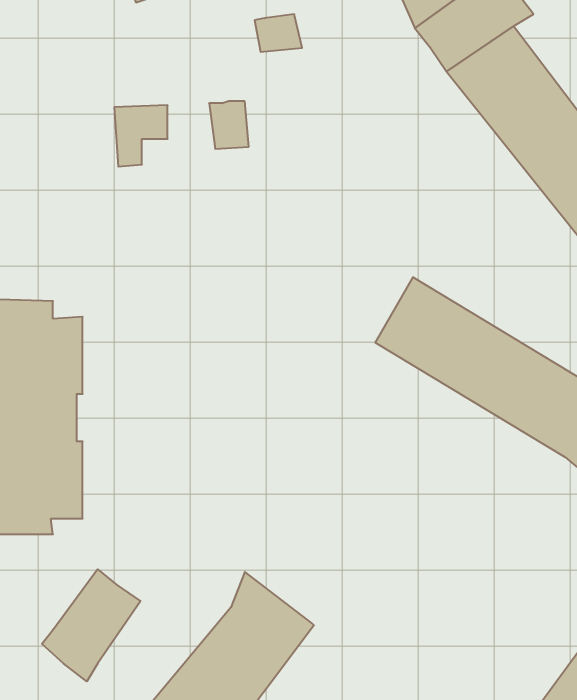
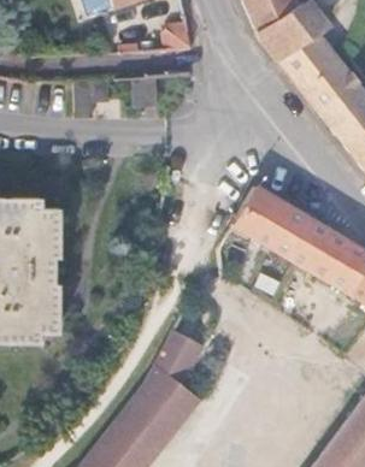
building: none -> [154,327,207,395]
building: [42,569,140,681] -> none

